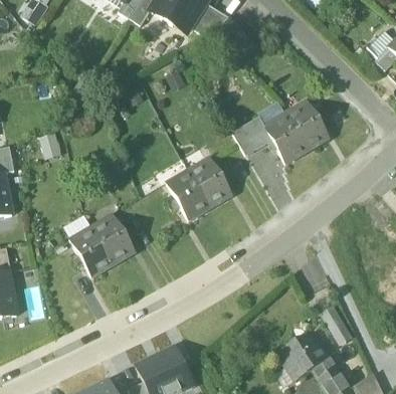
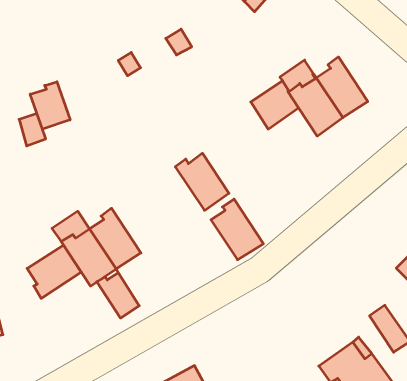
building: none -> [30,82,70,129]
building: [190,156,232,206] -> [211,199,263,260]
building: none -> [27,245,81,298]
building: none -> [97,270,139,318]

